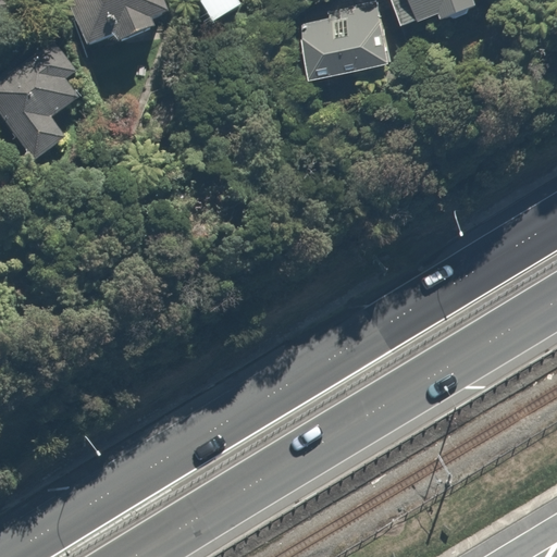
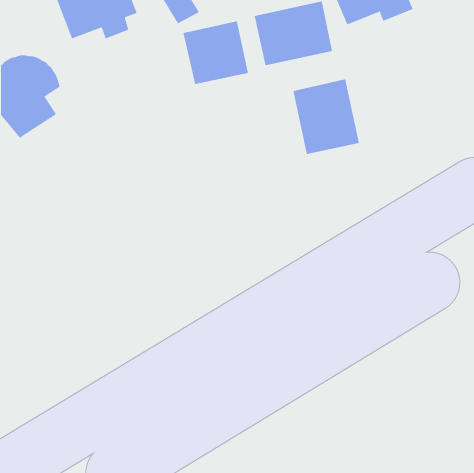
building: none -> [183,21,248,85]
building: none -> [293,78,360,155]

